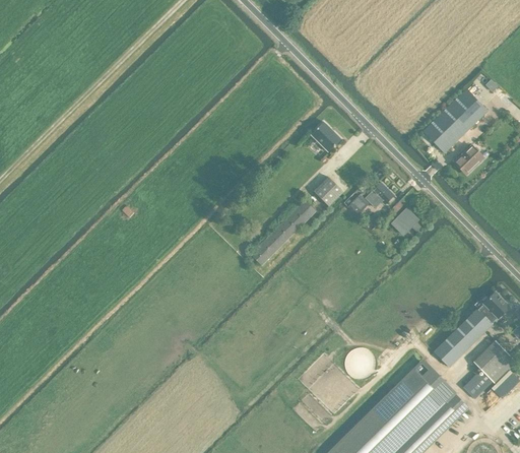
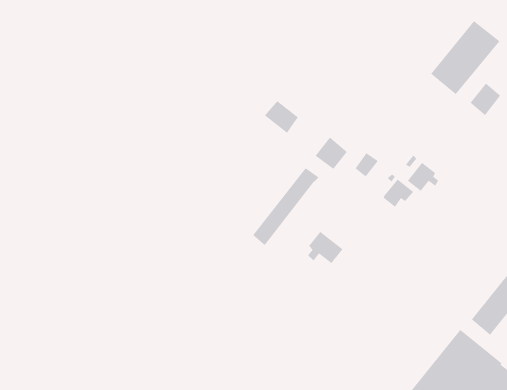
building: [310,121,340,151] -> [264,100,299,134]
building: [365,182,393,207] -> [383,179,414,208]
building: none -> [307,231,343,264]

